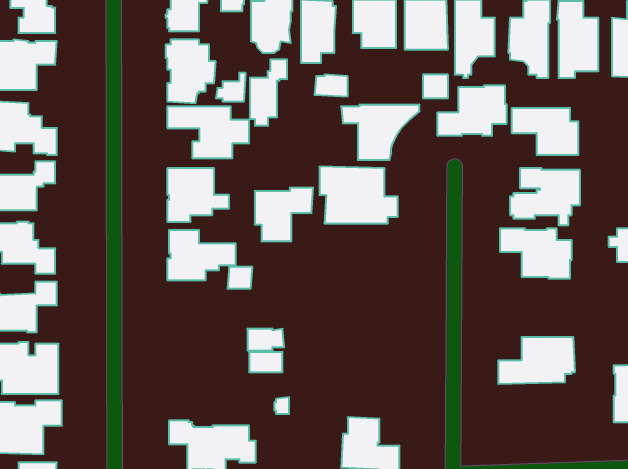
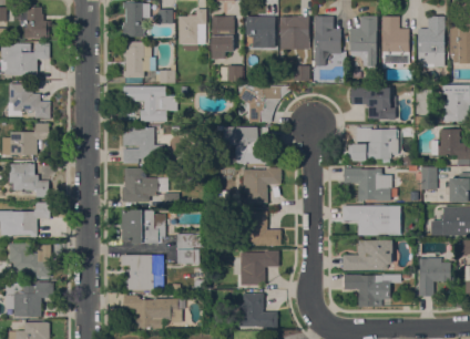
building: [250,59,287,126] -> none
building: [438,85,506,136] -> none
building: [255,188,313,241] -> [243,167,282,203]
building: none -> [343,205,391,235]
building: none -> [121,209,165,244]
building: none -> [242,210,282,246]
building: none -> [241,250,279,285]
building: none -> [122,255,164,289]
building: none -> [344,274,401,307]

